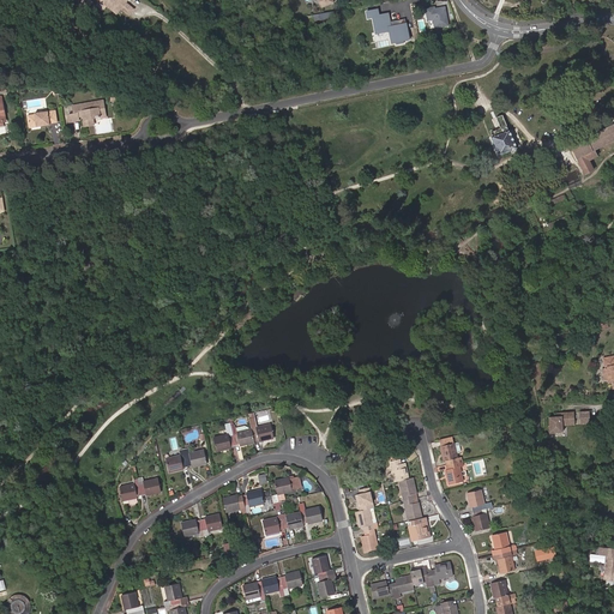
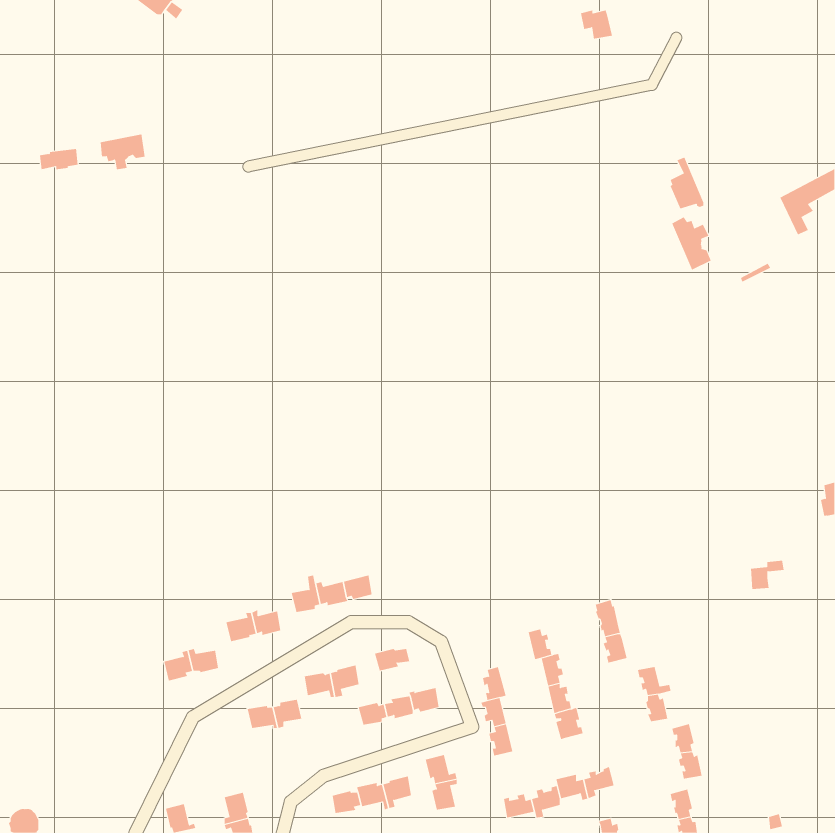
building: [366,10,408,44] -> none
building: none -> [672,216,712,271]

